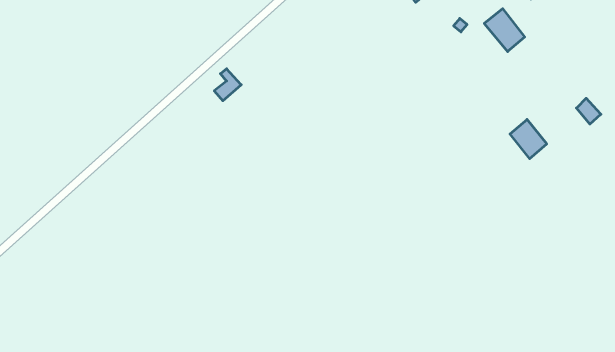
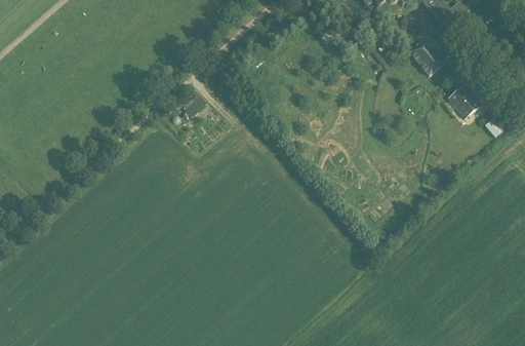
building: [510,119,547,159] -> [448,84,479,117]

